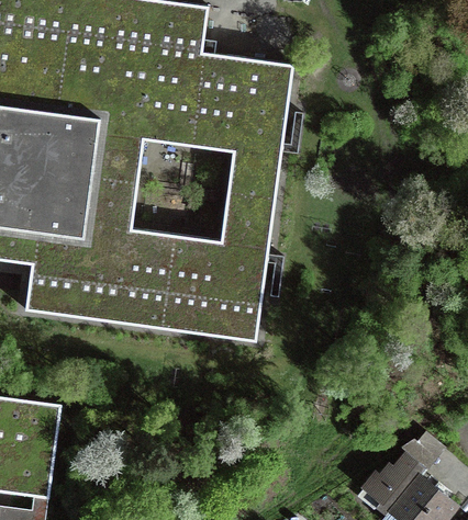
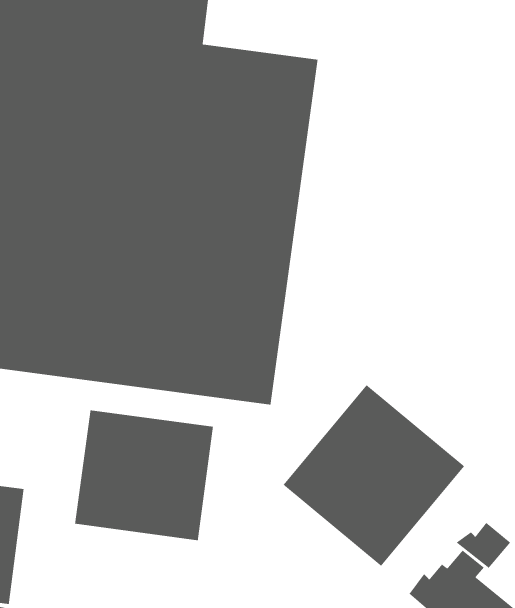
building: none -> [283,384,465,567]
building: none -> [74,409,214,541]

